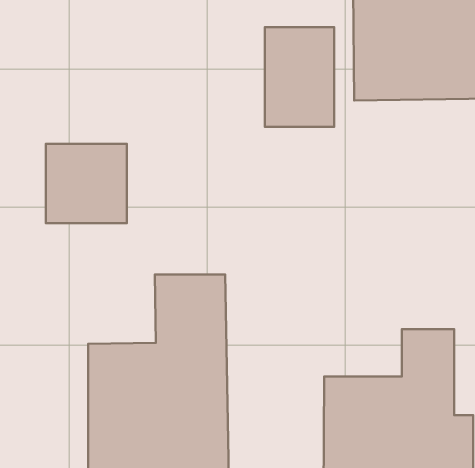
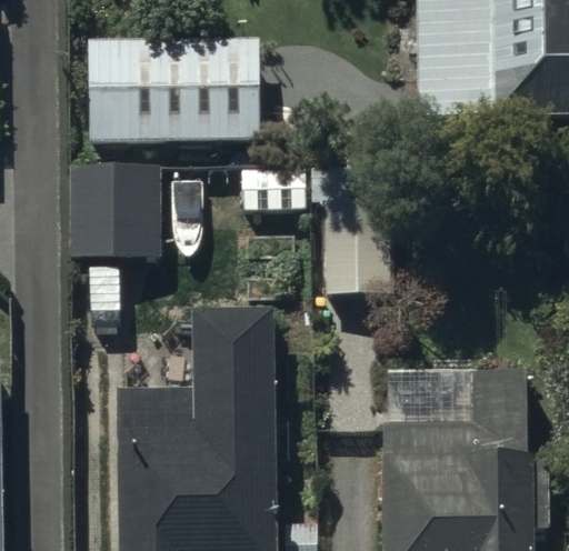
building: [265,27,334,127] -> none
building: none -> [89,39,260,161]

